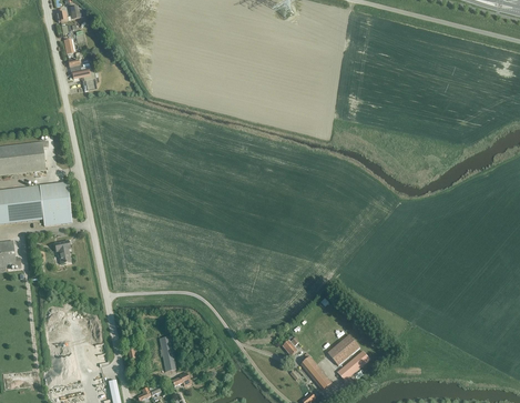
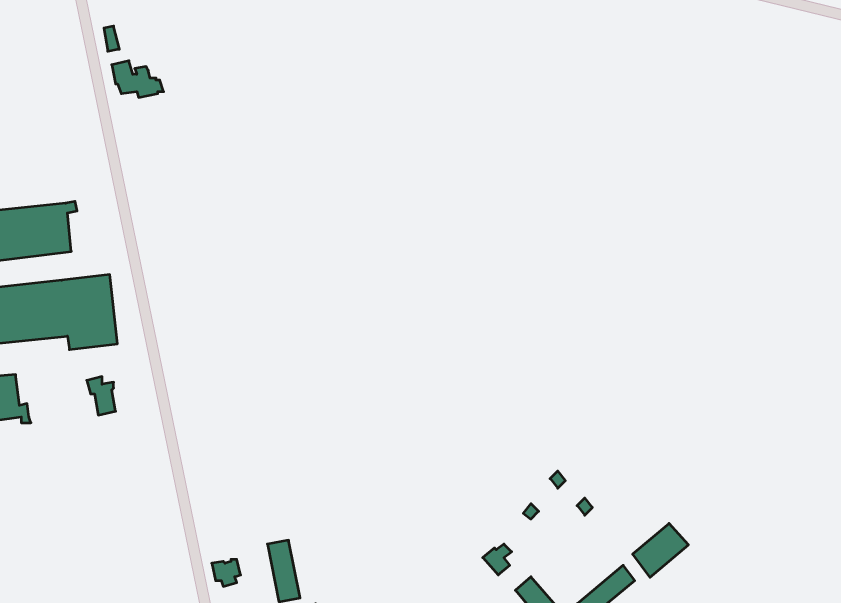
building: [327,334,359,365] -> [633,523,688,577]

